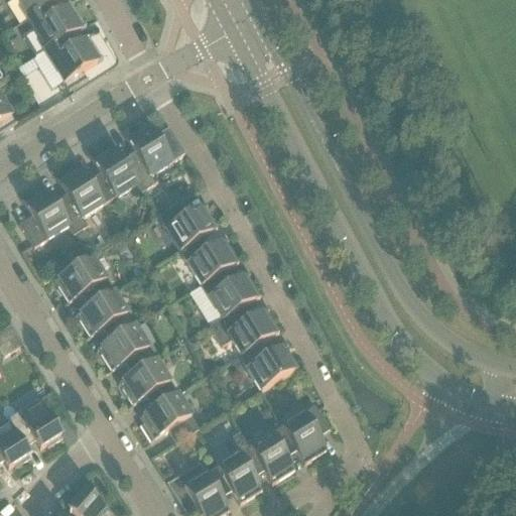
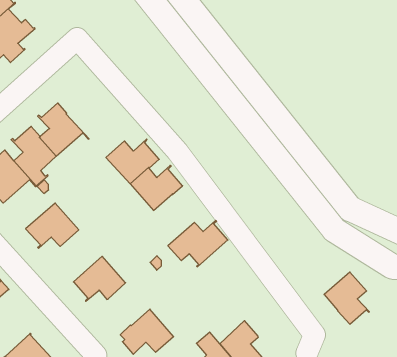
building: [122,123,185,190] -> none
building: [202,268,260,326] -> none
building: [77,290,135,340] -> none
building: [240,340,298,389] -> none
building: [119,359,178,408] -> none
building: [282,404,331,463] -> [324,272,369,324]

